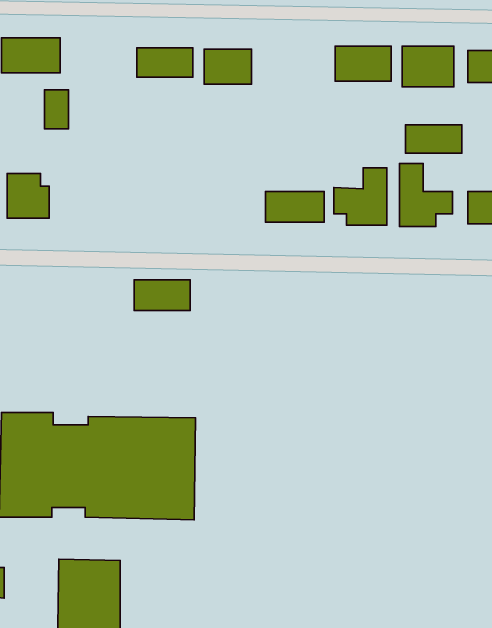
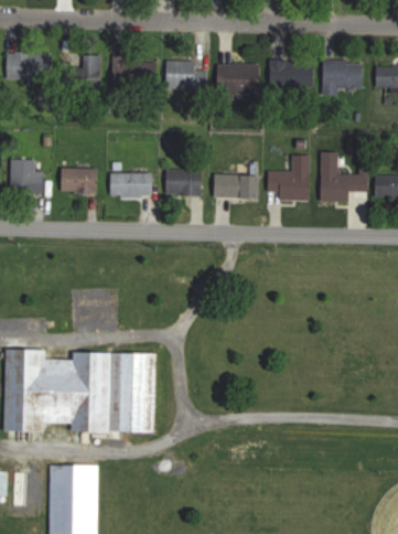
building: none -> [216,63,260,90]
building: [45,90,68,129] -> [82,54,100,85]
building: [406,125,462,153] -> none
building: none -> [62,168,99,193]
building: none -> [166,169,203,194]
building: [134,280,190,310] -> [110,172,154,196]

